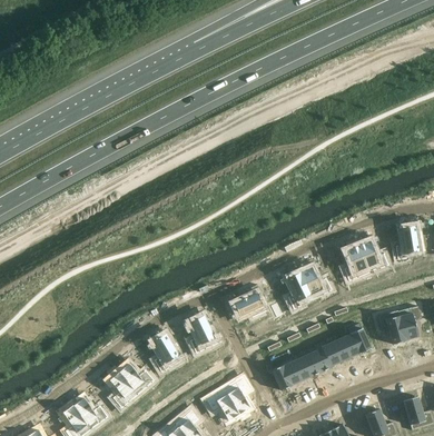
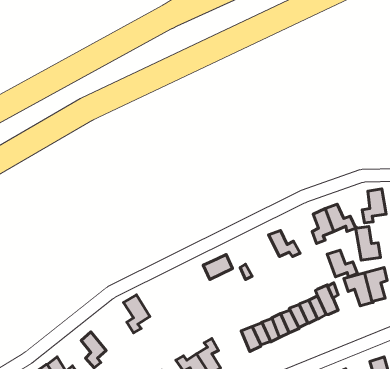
building: none -> [356,226,381,260]
building: [286,271,309,309] -> none
building: none -> [327,250,358,277]
building: [188,315,214,353] -> none
building: [117,363,152,389] -> none

